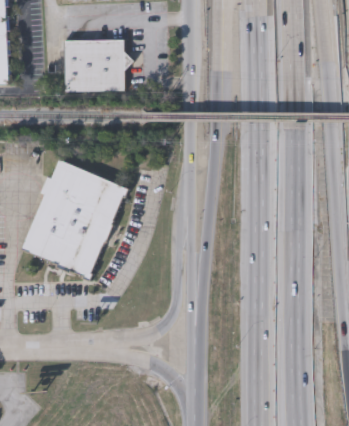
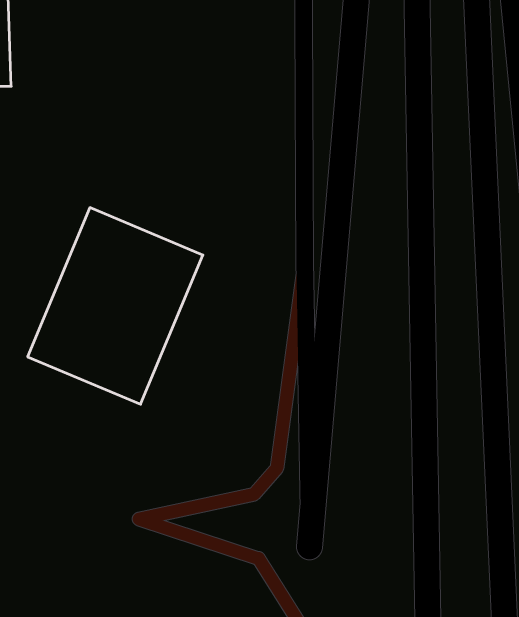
building: [63,38,126,92] -> none

